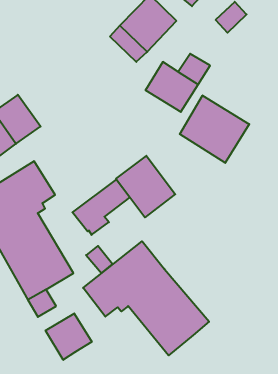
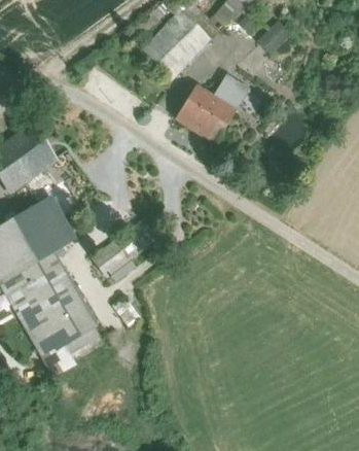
building: [180,95,249,163] -> none
building: [116,156,175,217] -> none
building: [83,241,209,355] -> none
building: [46,313,92,360] -> none

